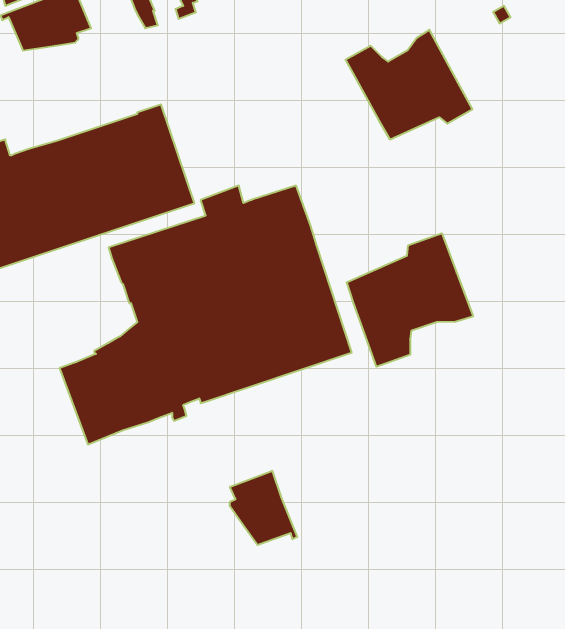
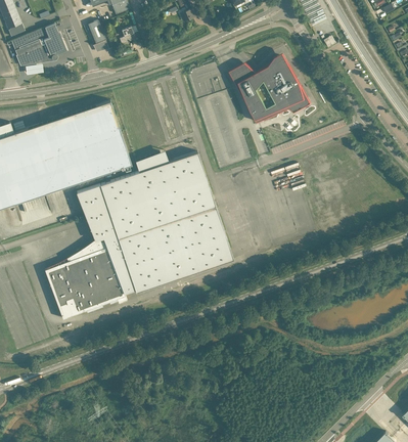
building: [347,233,473,367] -> none
building: [230,471,297,545] -> none

